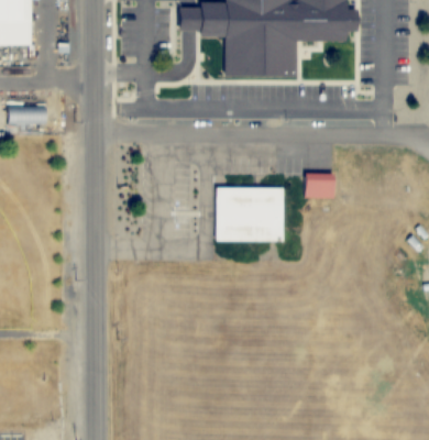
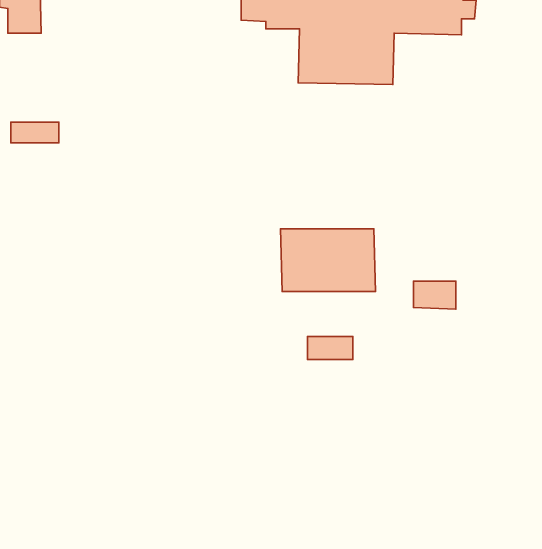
building: [304,175,336,196] -> [414,281,456,309]
building: none -> [307,337,353,359]

